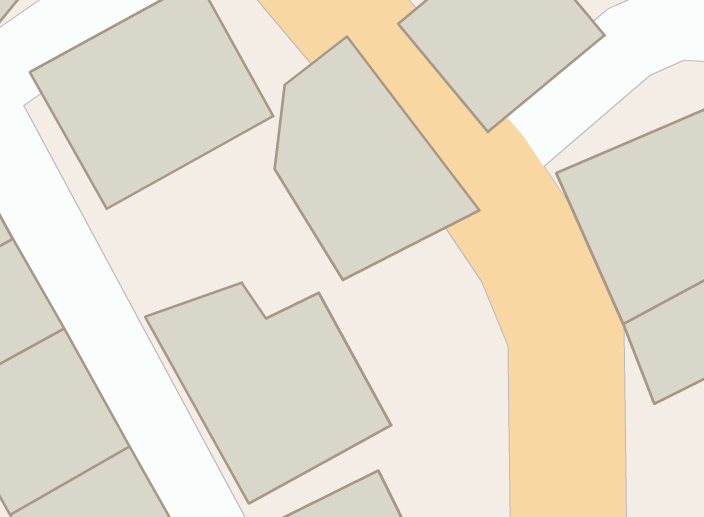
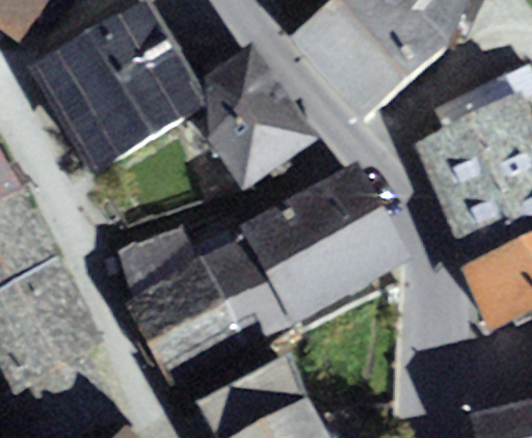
building: none -> [243,169,414,326]

